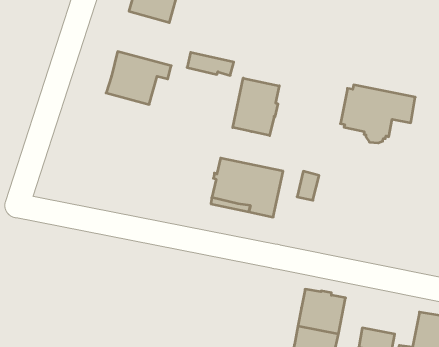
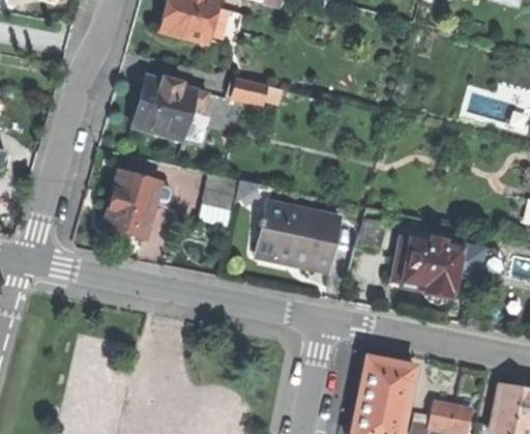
building: [233,78,279,136] -> none
building: [340,85,415,143] -> [396,234,484,302]
building: none -> [105,171,159,237]
building: none -> [203,172,239,209]

